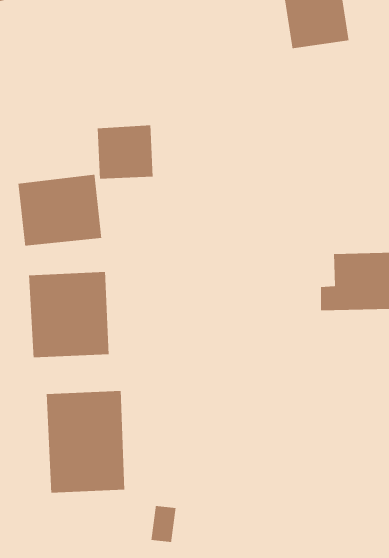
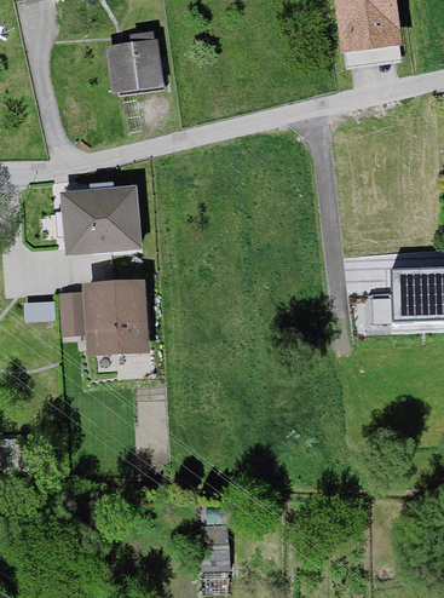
building: [97,124,153,180] -> [108,38,166,94]
building: [46,390,125,494] -> none

